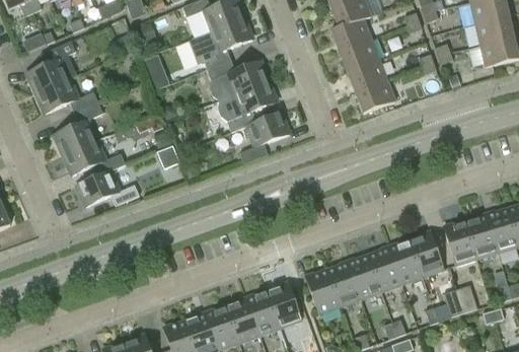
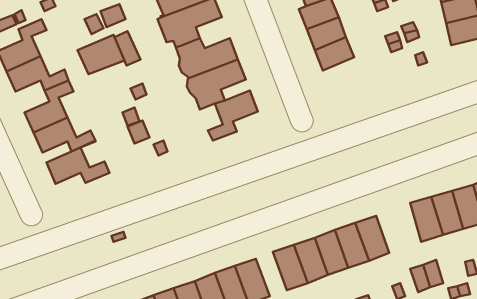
building: none -> [78,35,124,74]
building: [355,79,394,114] -> none
building: [409,231,443,277] -> none

